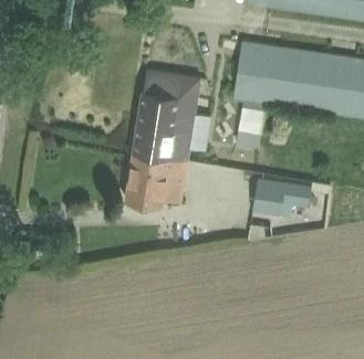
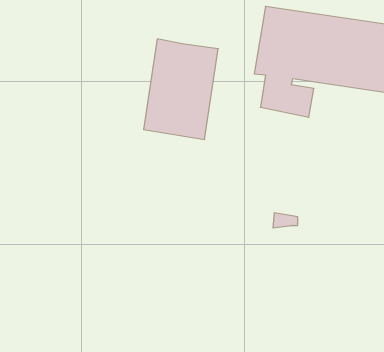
building: [126,150,188,205] -> none
building: [252,177,330,219] -> none

